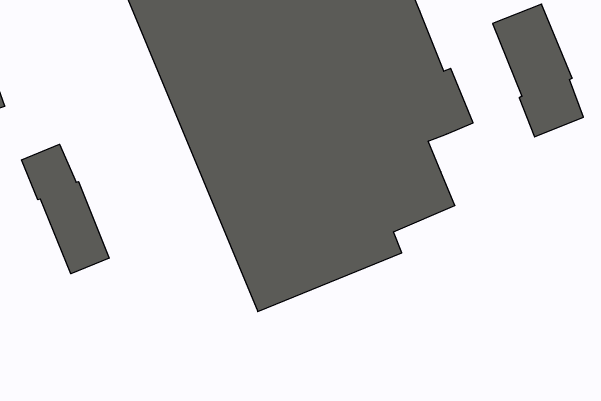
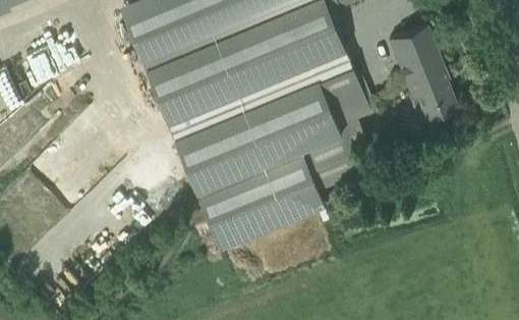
building: [21,144,109,274] -> none

